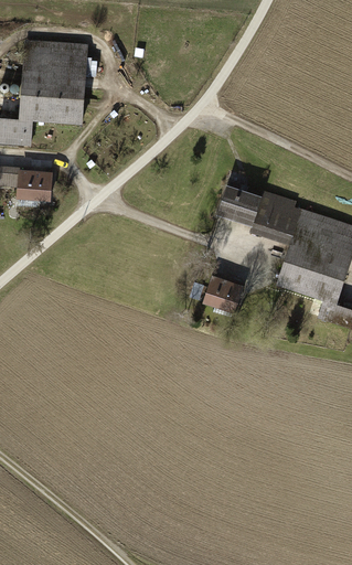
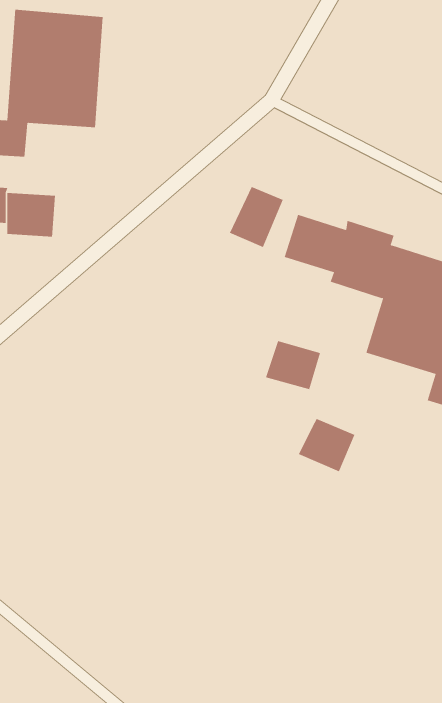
building: none -> [229,186,284,248]
building: none -> [298,418,355,472]

